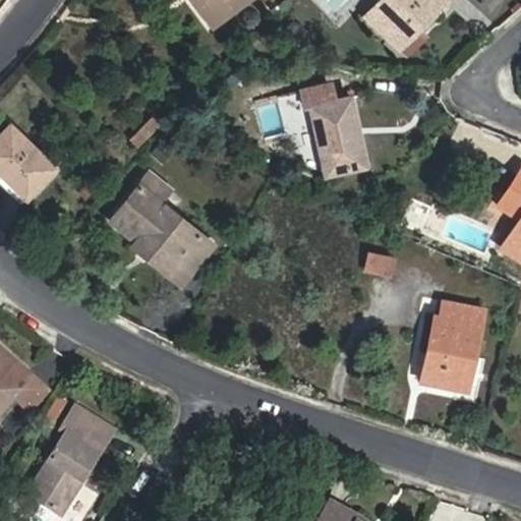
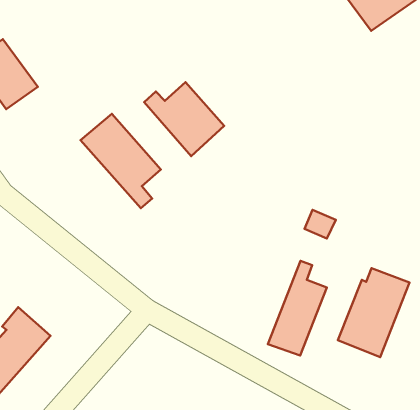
building: [302,83,367,176] -> none
building: none -> [144,82,224,156]
building: none -> [268,261,327,355]

